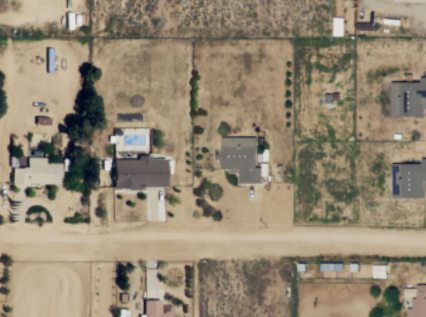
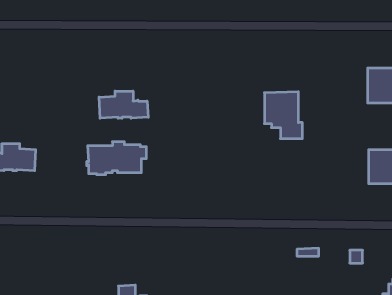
building: none -> [99,91,148,118]
building: [226,137,264,184] -> [264,92,302,139]

